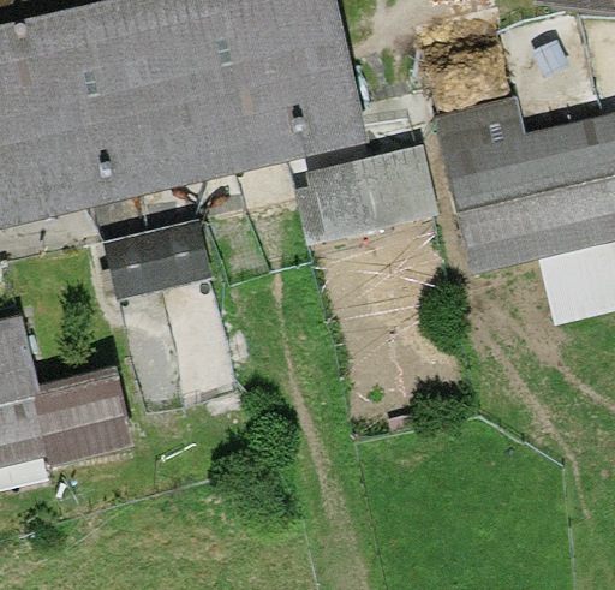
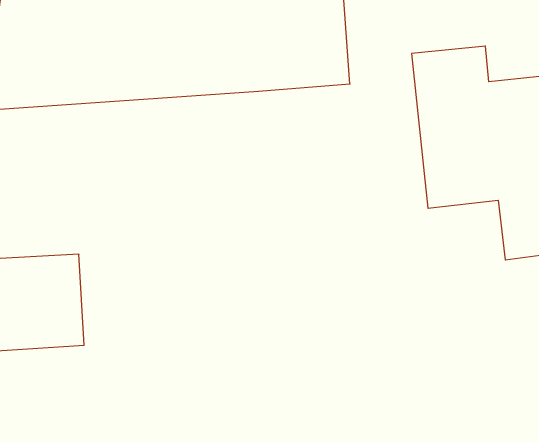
building: [277,148,423,237] -> none
building: [102,219,202,290] -> none

